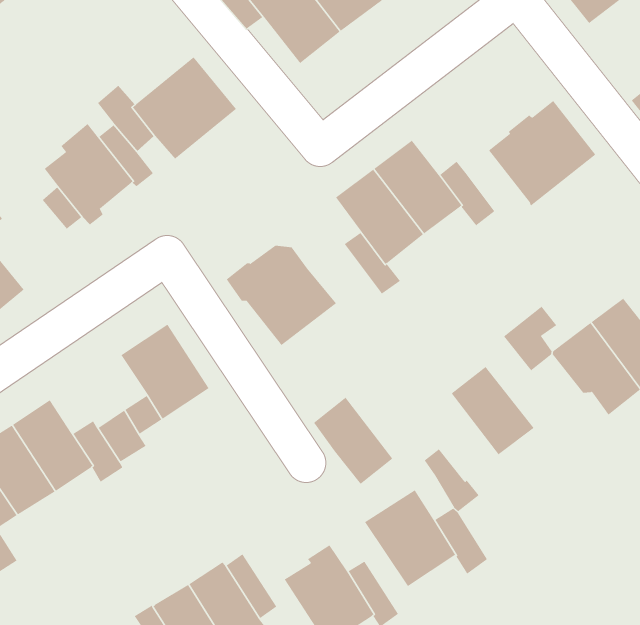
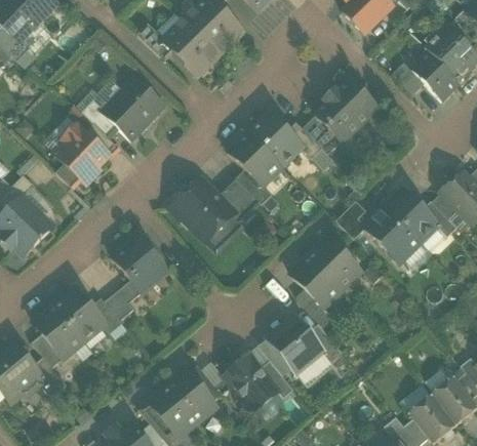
building: none -> [303,115,342,154]
building: none -> [216,176,261,220]
building: [313,397,393,485] -> [291,257,341,308]

